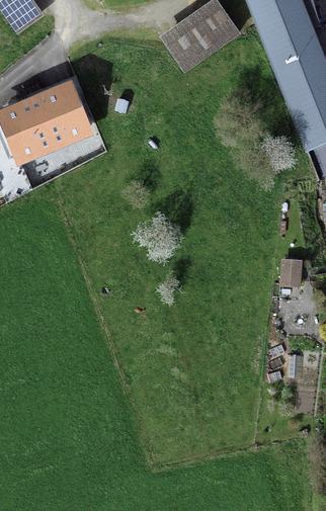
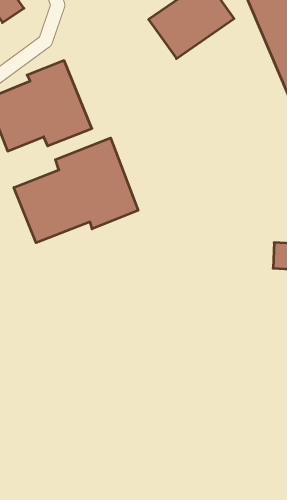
building: none -> [14,138,138,243]

